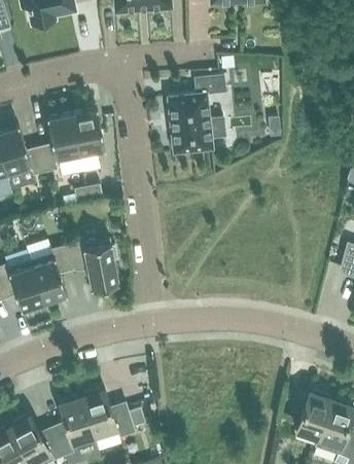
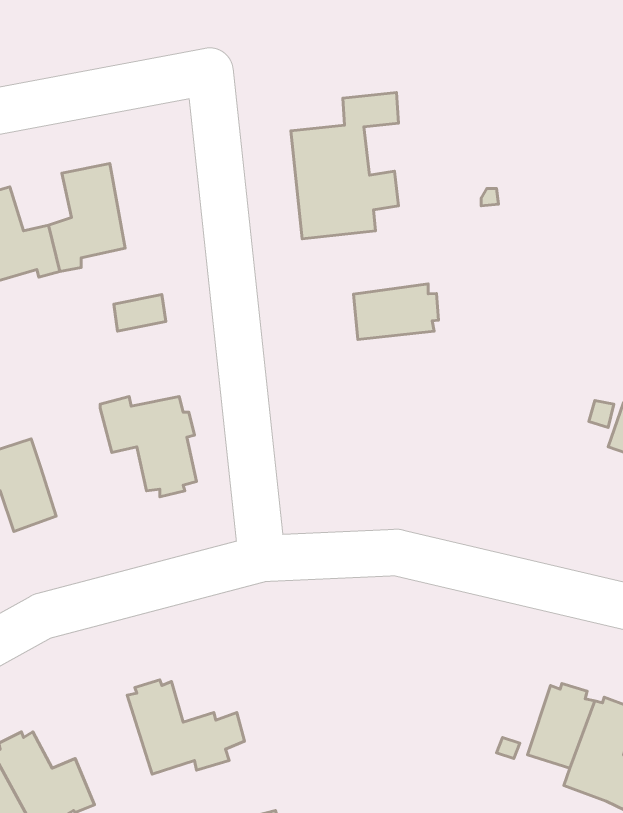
building: [72,110,106,160] -> none
building: none -> [354,284,439,339]
building: [30,246,74,304] -> none
building: [54,398,95,458] -> none

